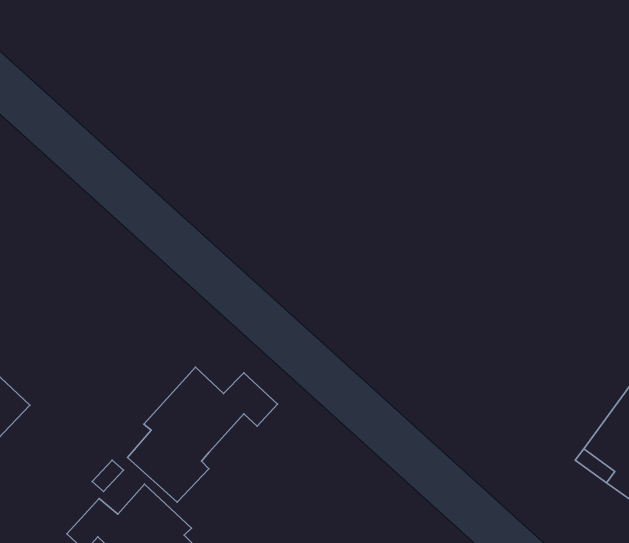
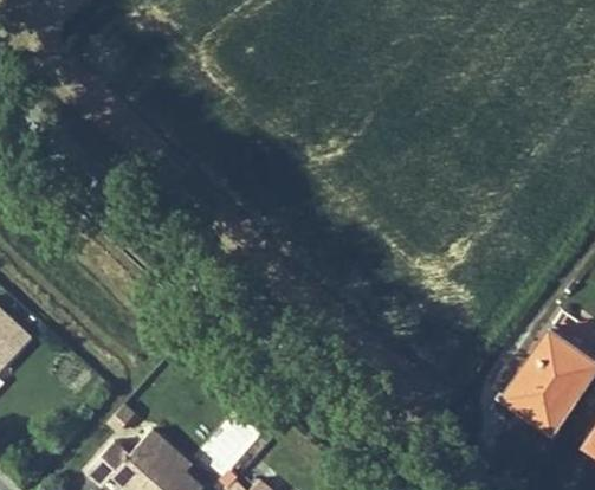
building: [127,367,277,502] -> none

